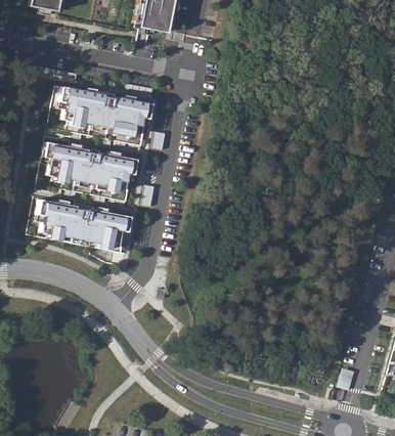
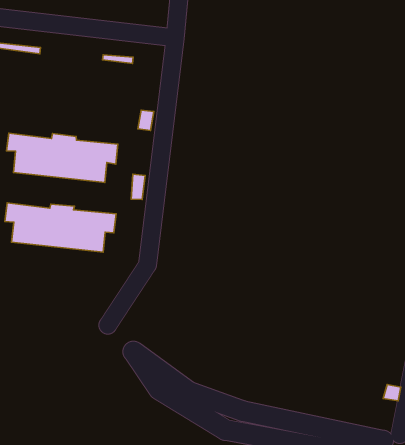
building: [62,87,155,135] -> none

